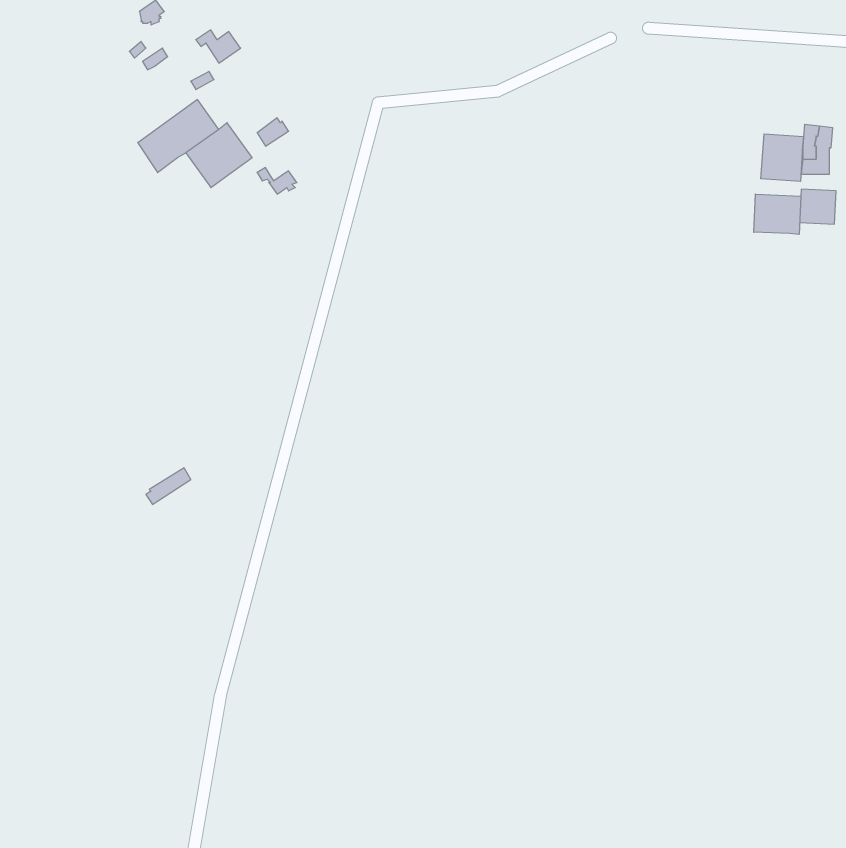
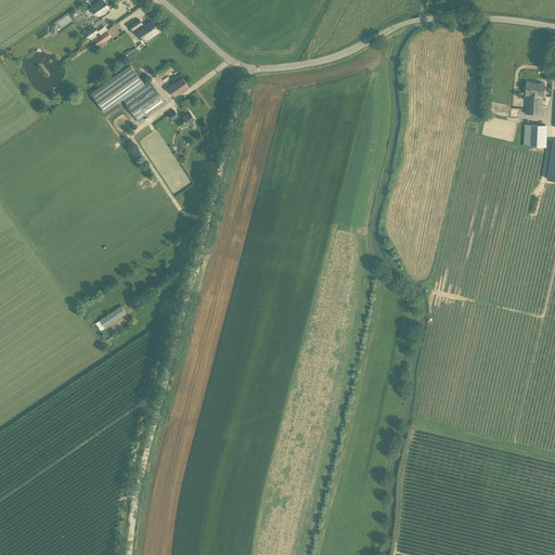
building: [761,134,804,181] -> none
building: [754,194,801,234] -> none

